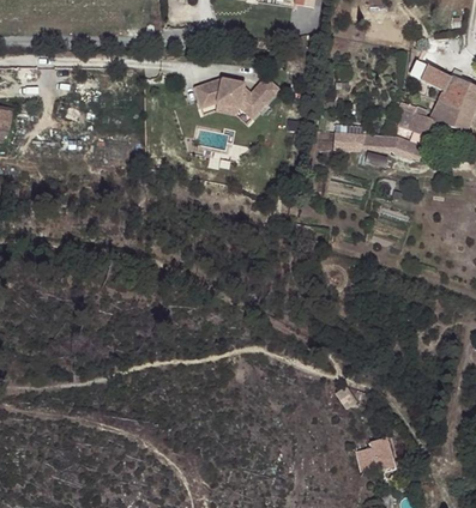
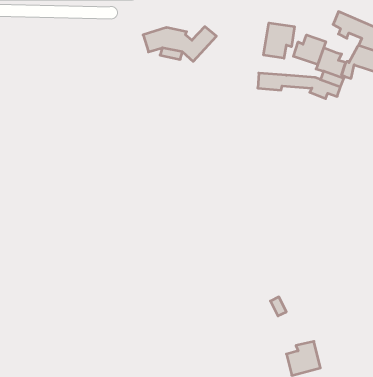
building: none -> [264,23,294,58]
building: none -> [293,35,326,65]

